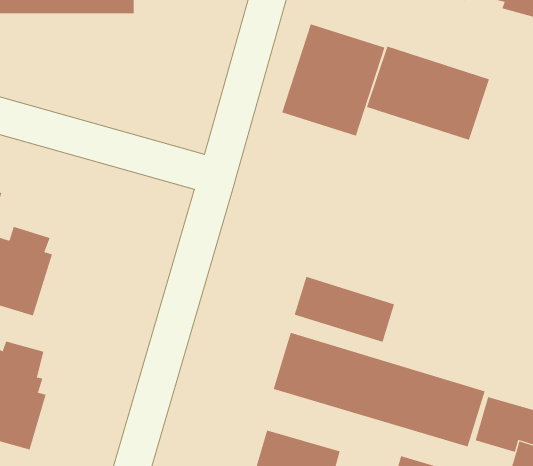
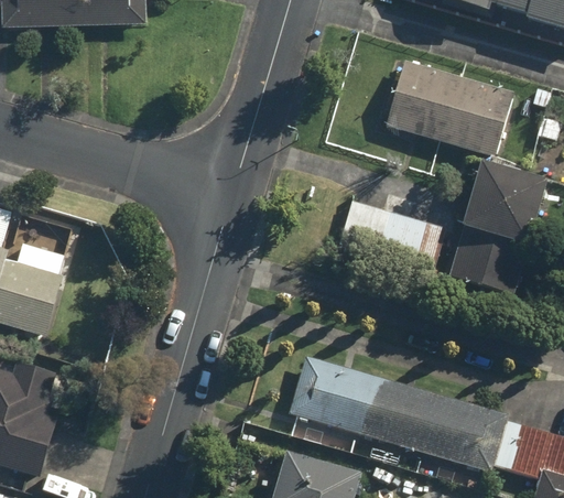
building: [281,23,385,137] -> none
building: none -> [446,163,546,293]
building: [294,276,395,343] -> [339,199,443,268]

